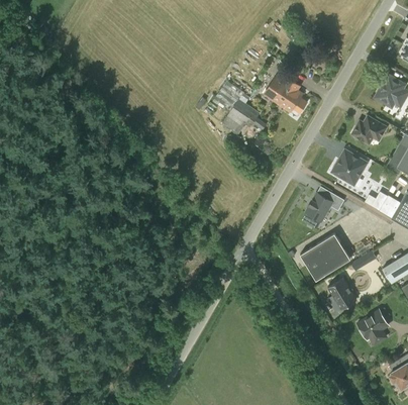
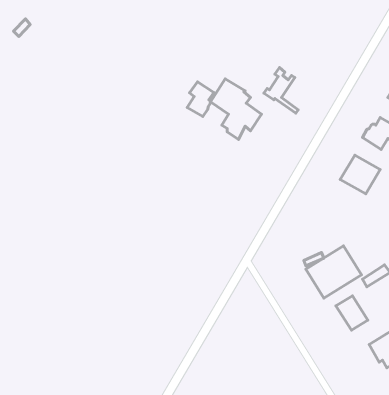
building: [278,80,307,113] -> none
building: none -> [187,82,214,116]
building: [305,193,344,222] -> none

